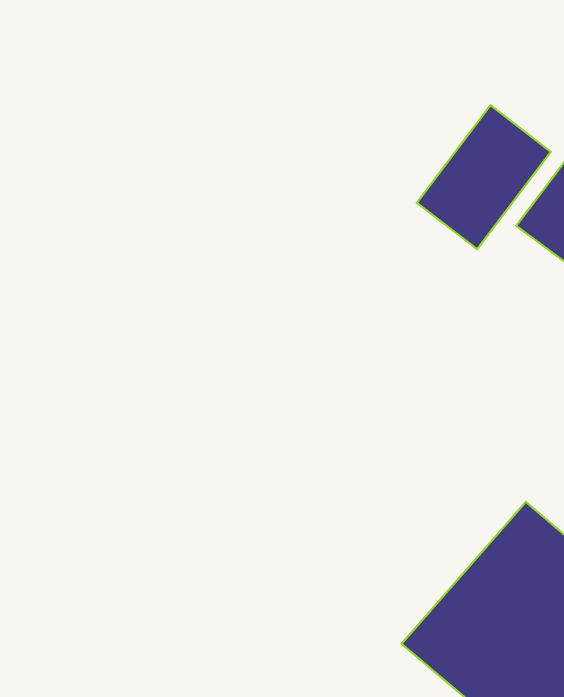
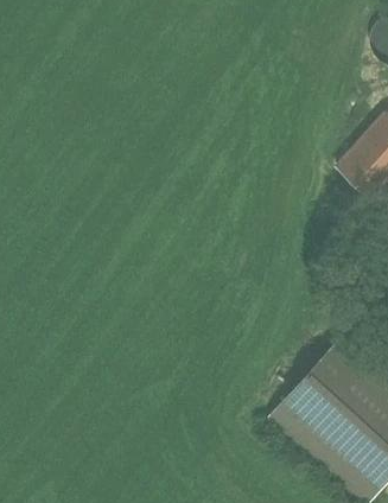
building: [417,105,551,249] -> none

